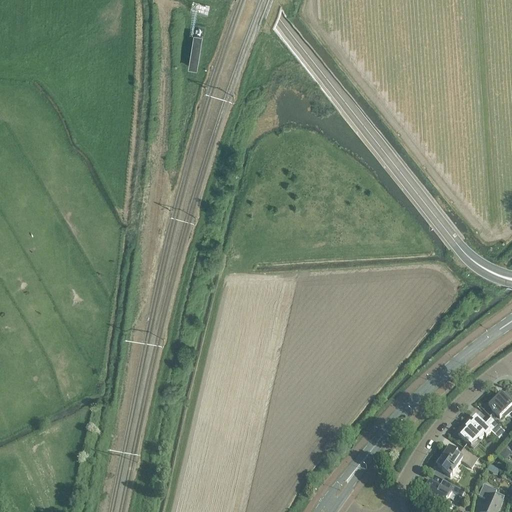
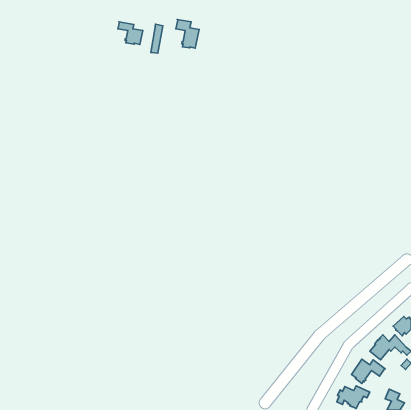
building: none -> [176,20,199,48]
building: none -> [118,22,143,44]

